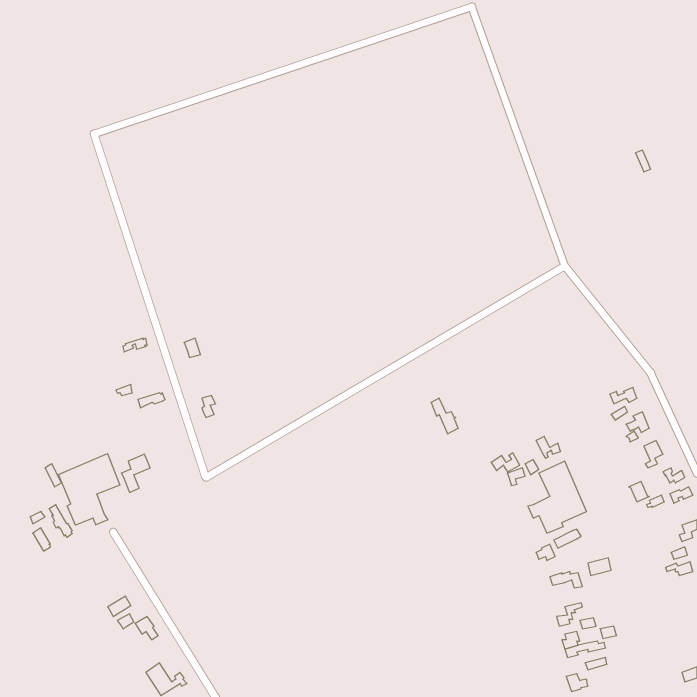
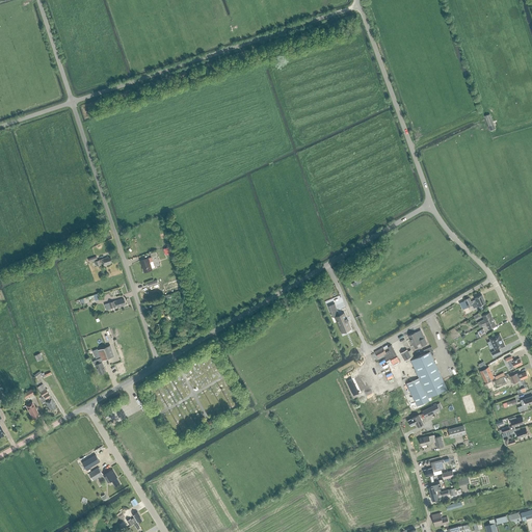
building: [58,454,120,525] -> none

